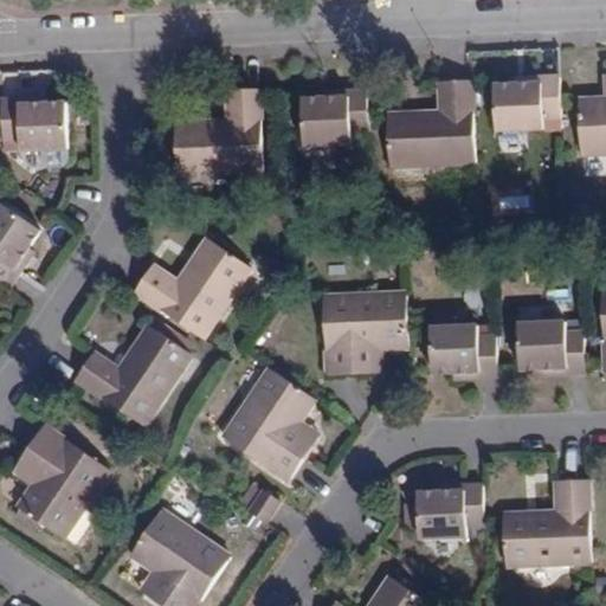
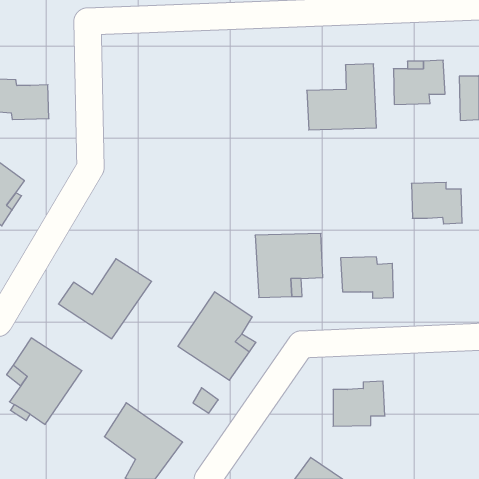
building: [173,84,259,166] -> none
building: [299,88,366,142] -> none
building: [134,236,249,336] -> none
building: [520,320,584,372] -> [411,182,462,224]
building: [502,478,591,562] -> none

